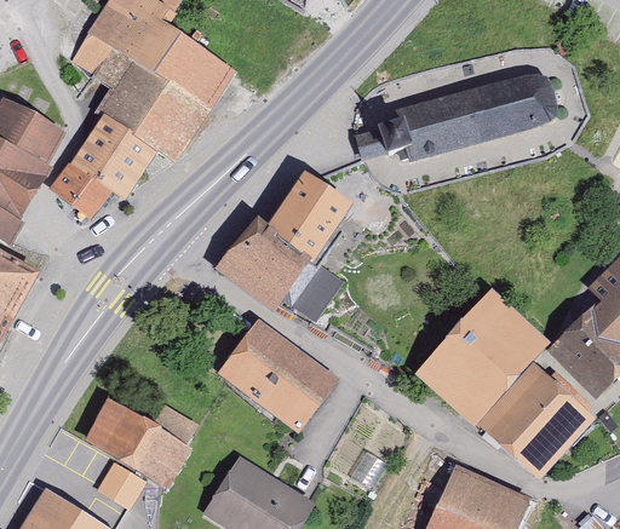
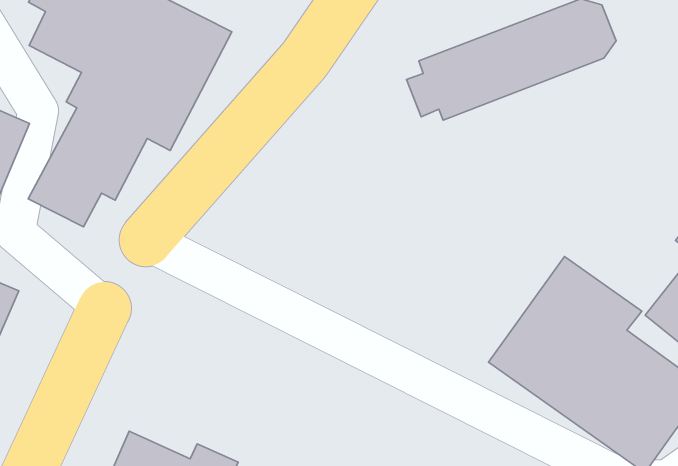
building: [213,171,354,317] -> none
building: [220,322,335,427] -> none

